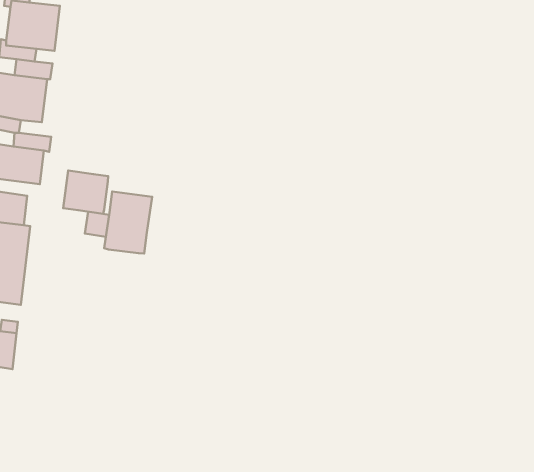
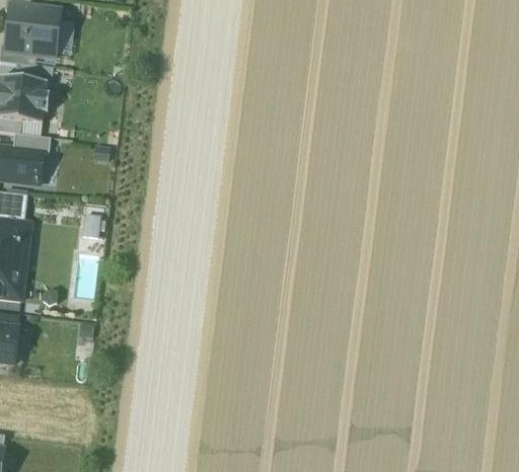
building: [63,171,108,214] -> none
building: [104,192,152,254] -> none

